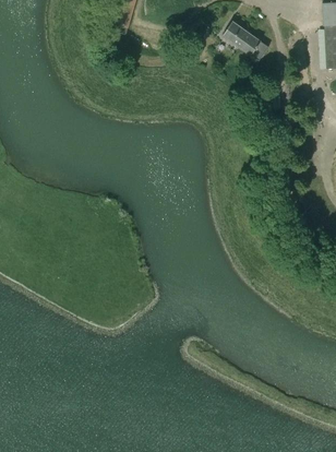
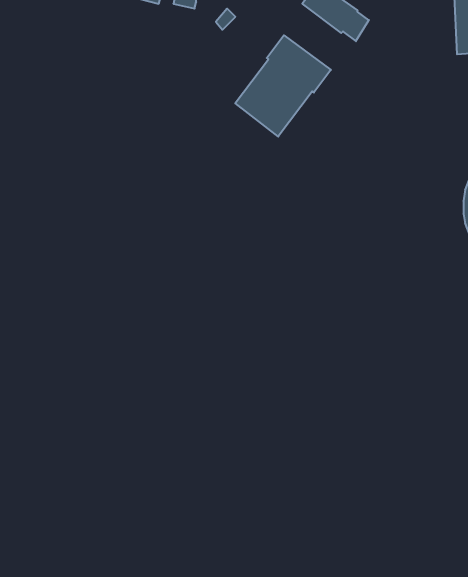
building: none -> [235,35,331,137]

